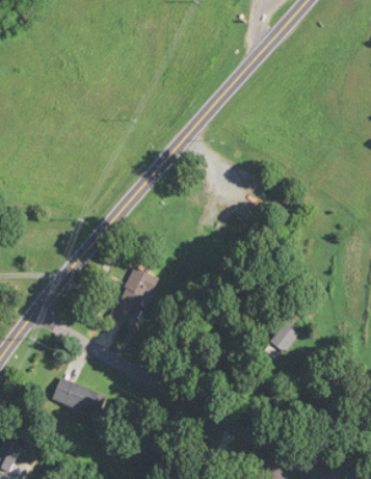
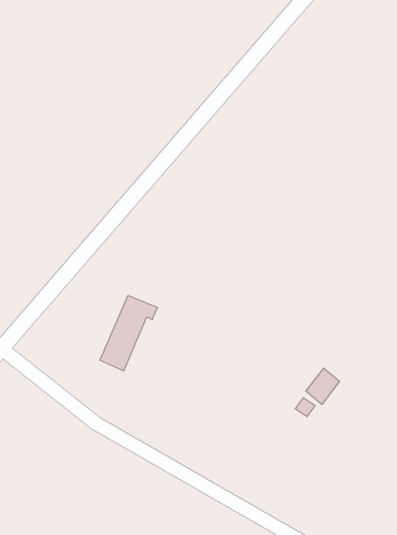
building: [59,378,105,411] -> none

